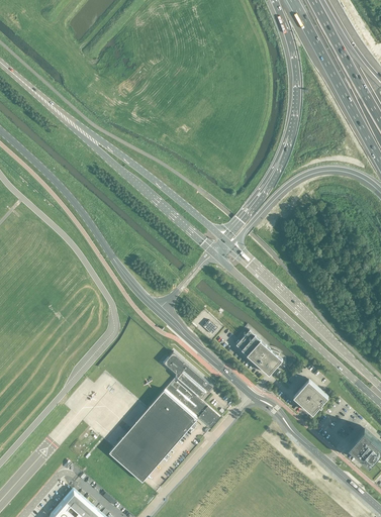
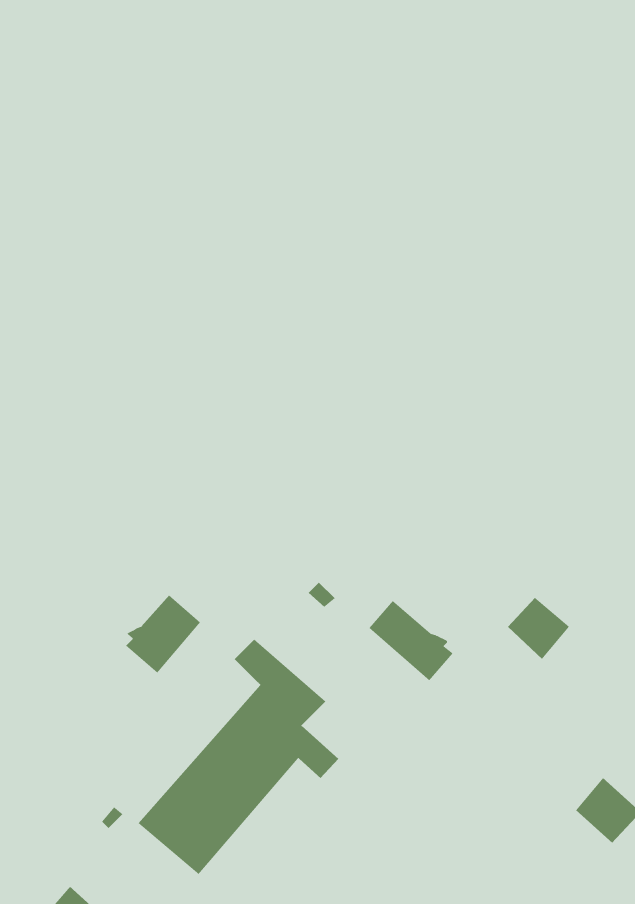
building: none -> [125,595,201,673]
building: [292,382,326,416] -> [507,597,570,660]

